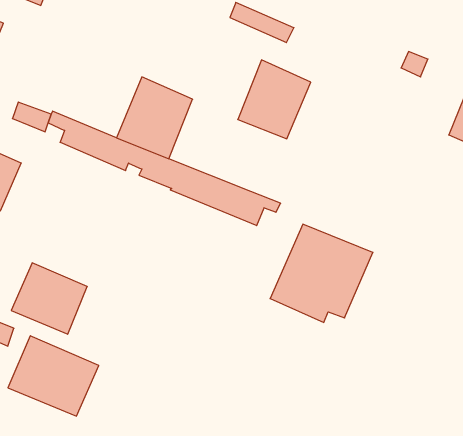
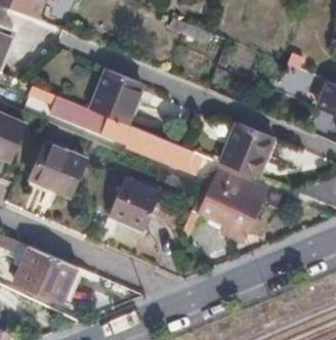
building: [238,60,311,139] -> [222,122,272,176]
building: none -> [108,177,161,231]
building: [11,263,87,334] -> [32,144,84,194]

